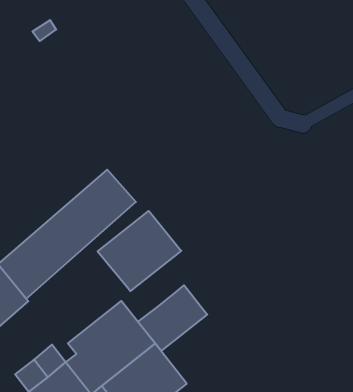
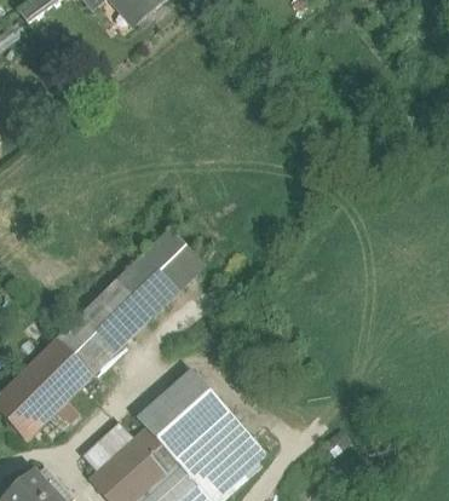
building: [98,211,181,291] -> none
building: [138,285,207,351] -> none

